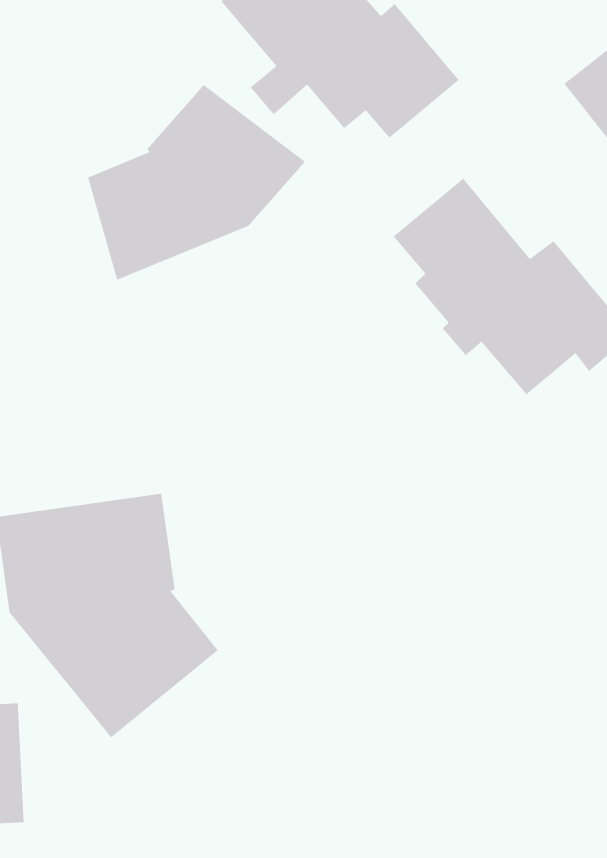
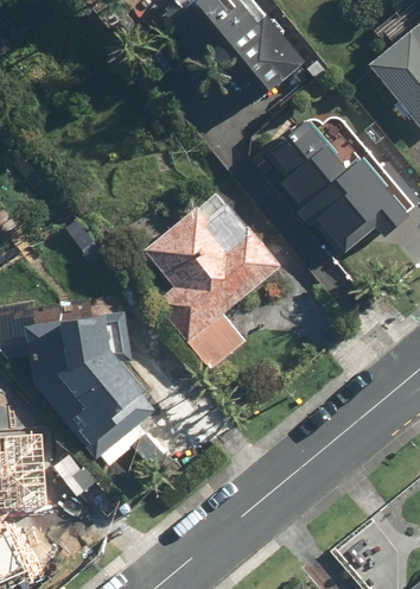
building: [87,84,306,281] -> none
building: none -> [145,186,285,369]

